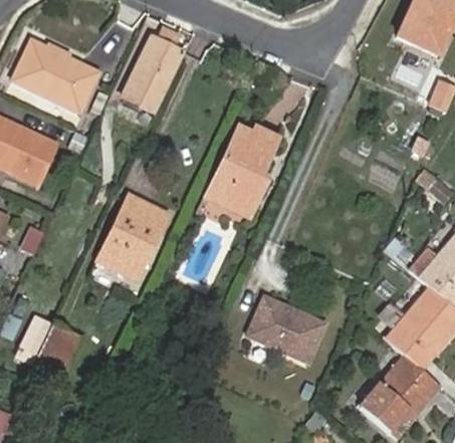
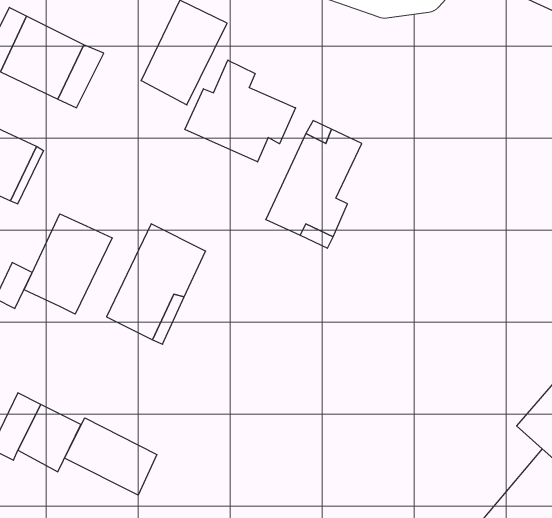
building: none -> [185,60,296,162]
building: none -> [24,214,112,314]
building: [247,295,328,364] -> none
building: none -> [64,418,157,495]

